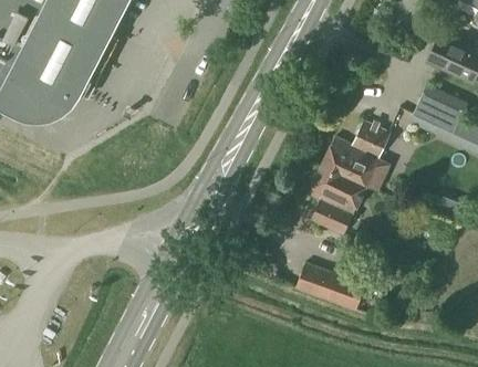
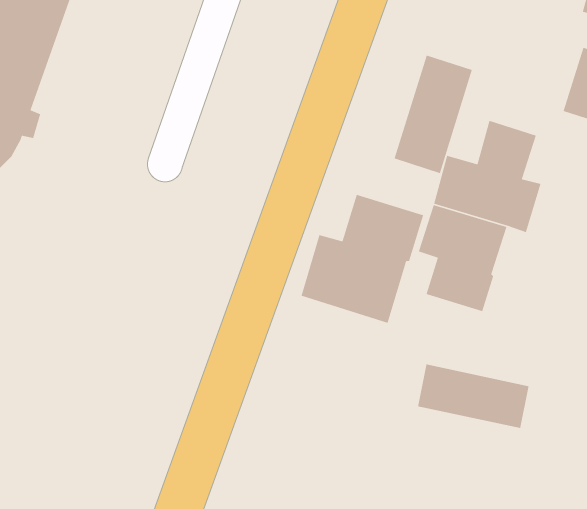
building: none -> [394,54,473,174]
building: none -> [300,194,424,324]

